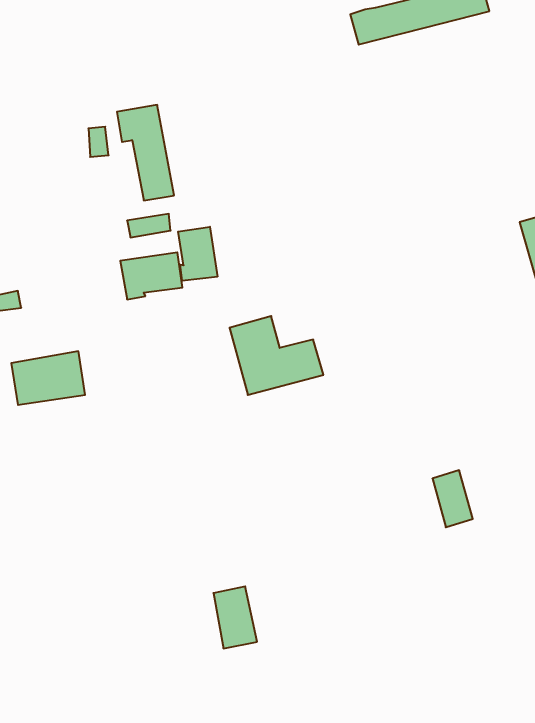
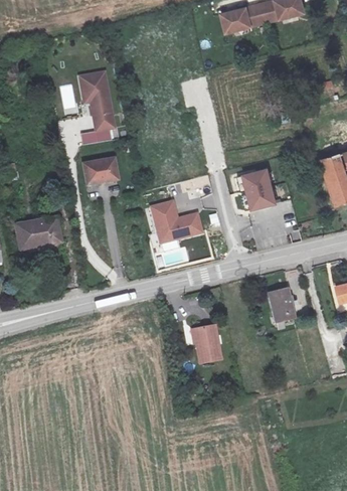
building: [178,227,217,281] -> none
building: none -> [240,167,276,209]
building: [213,586,257,648] -> [194,325,220,362]

